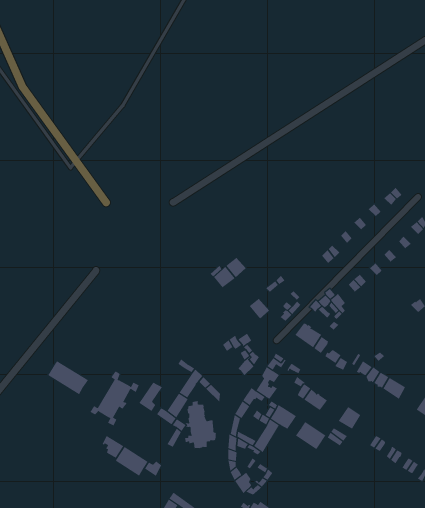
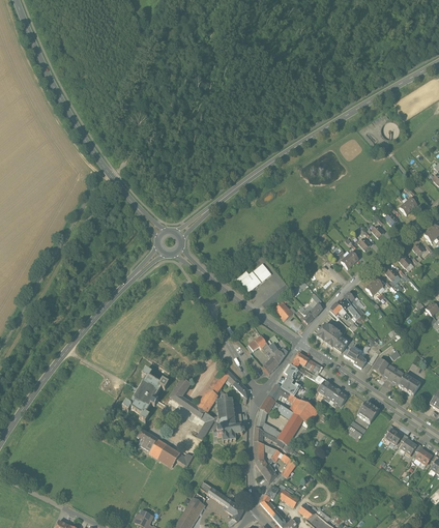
building: [47,361,89,395] -> none
building: [295,421,326,450] -> none

